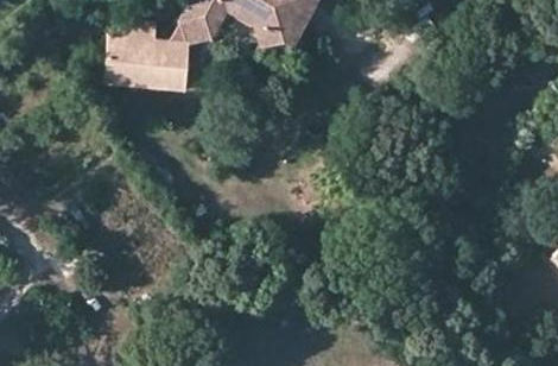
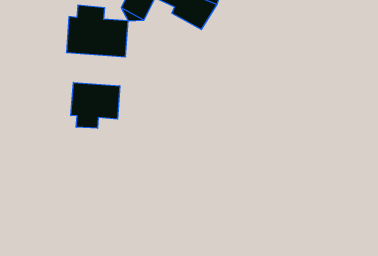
building: none -> [71,82,120,128]

